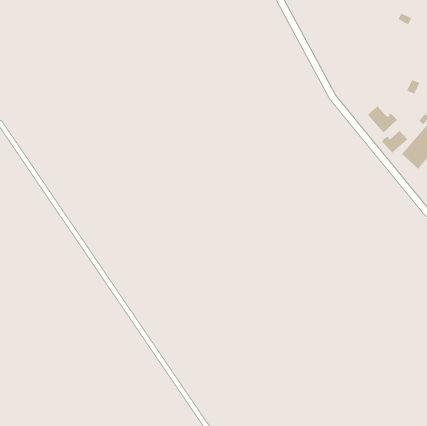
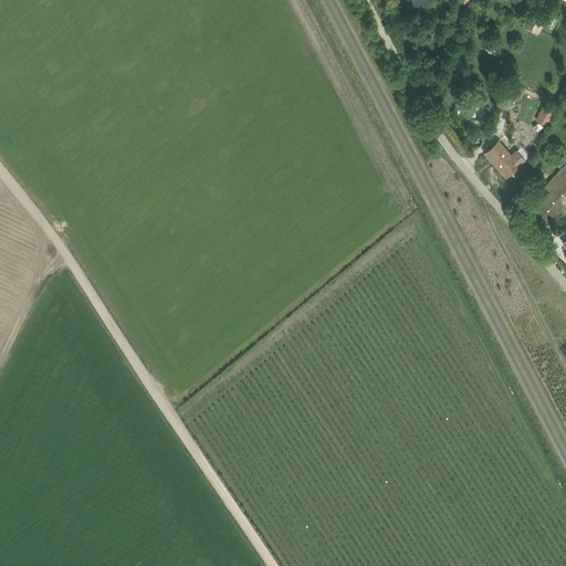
building: [381,130,408,154] -> none

